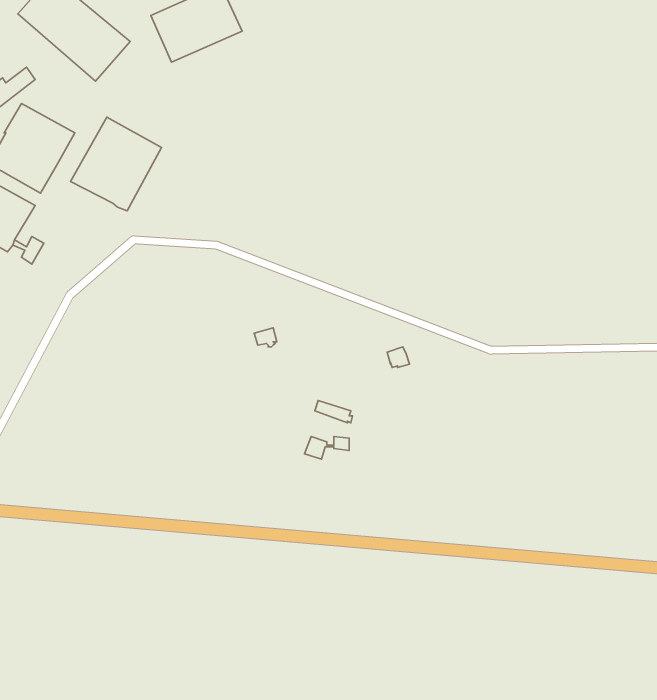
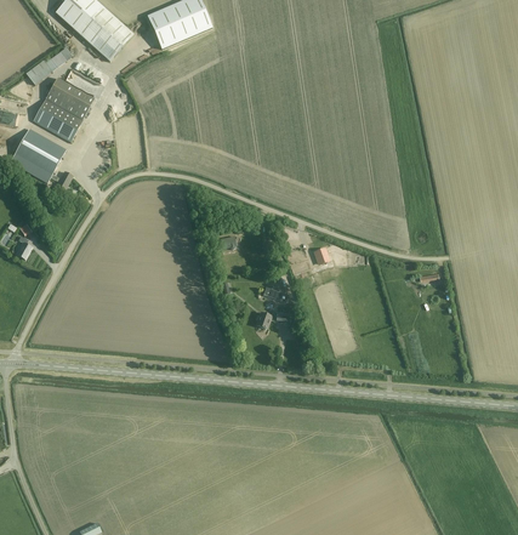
building: [71,117,162,211] -> none

